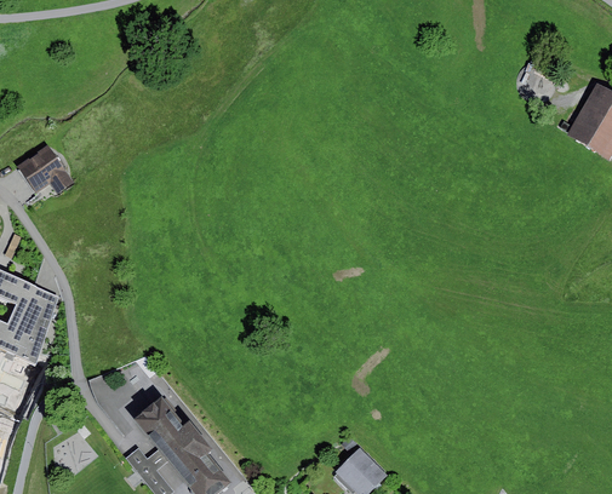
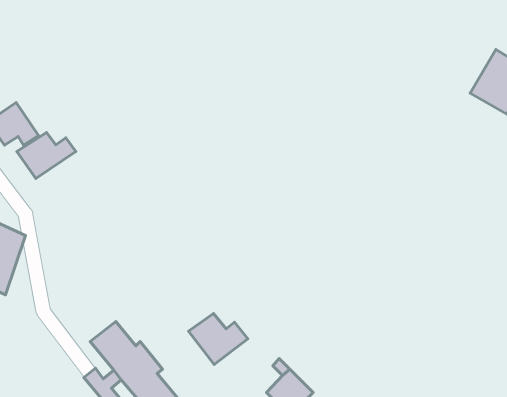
building: none -> [17,132,76,179]
building: none -> [188,314,248,365]

